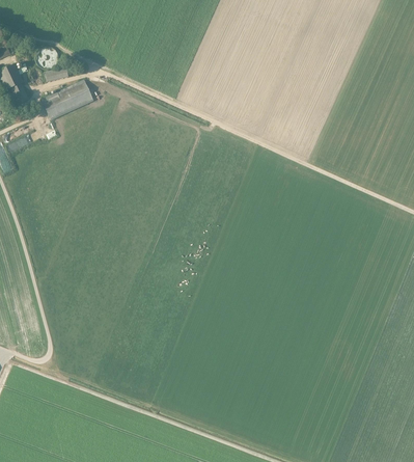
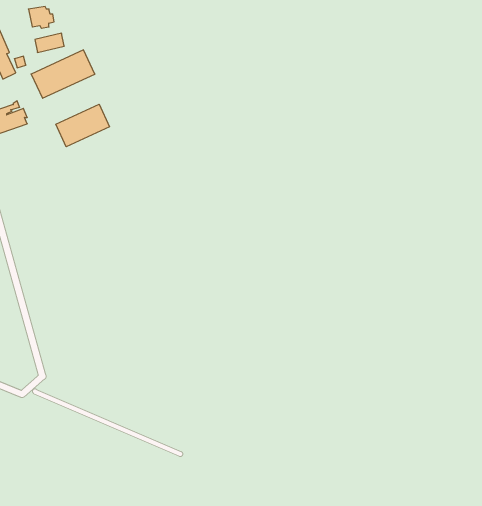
building: none -> [56,104,109,147]

